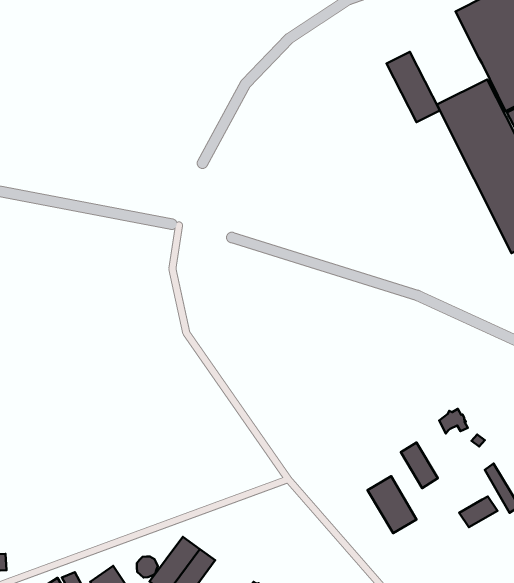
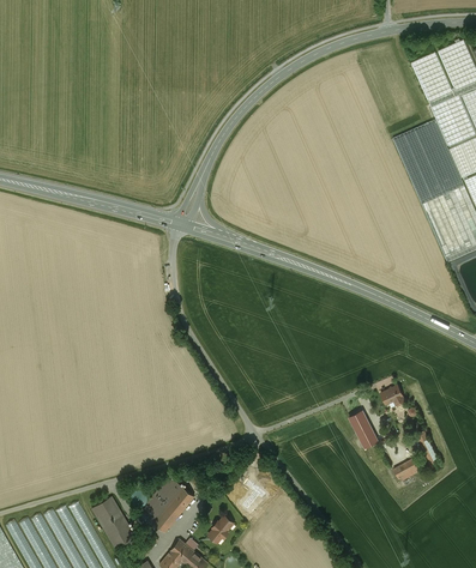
building: [386,52,440,122] -> none
building: [367,476,417,533] -> none

